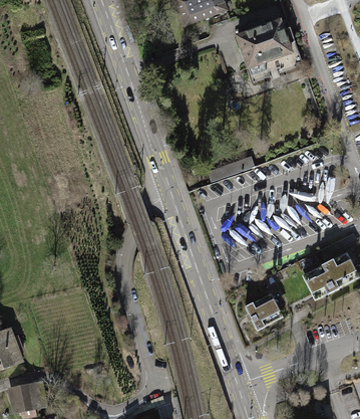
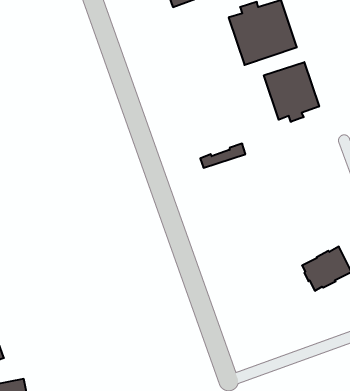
building: none -> [264,62,319,122]
building: [244,295,278,330] -> none

